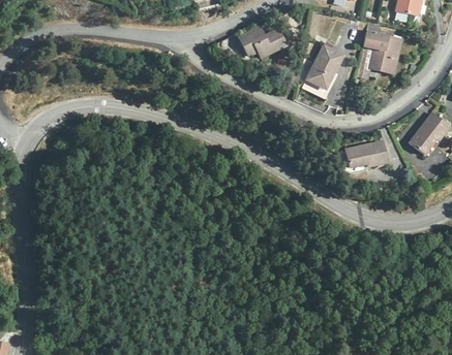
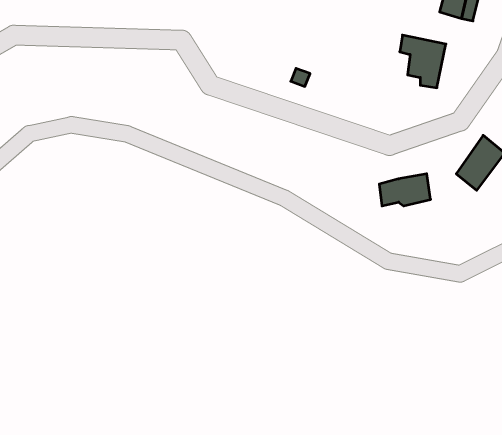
building: [238,24,288,55] -> none
building: [305,43,341,87] -> none

